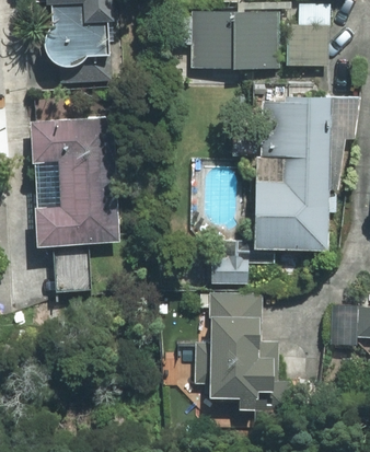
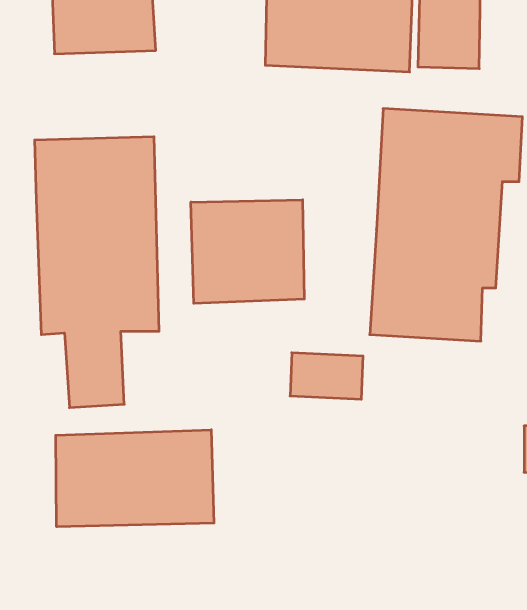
building: none -> [191,200,304,303]
building: [192,297,273,394] -> none
building: none -> [56,430,214,527]

